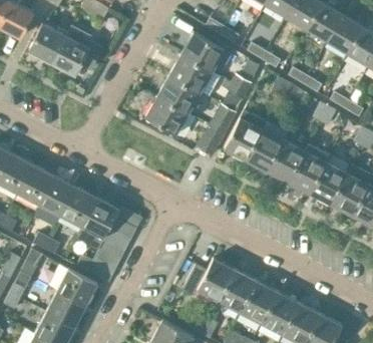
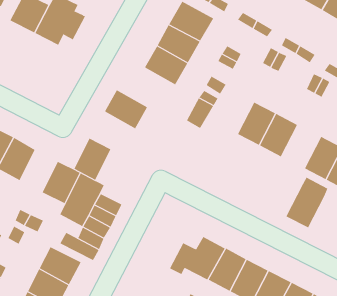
building: [145,97,188,135] -> [104,89,148,129]
building: [224,111,267,161] -> none
building: [289,145,330,195] -> [285,177,328,228]
building: [38,177,74,218] -> [74,138,111,180]

